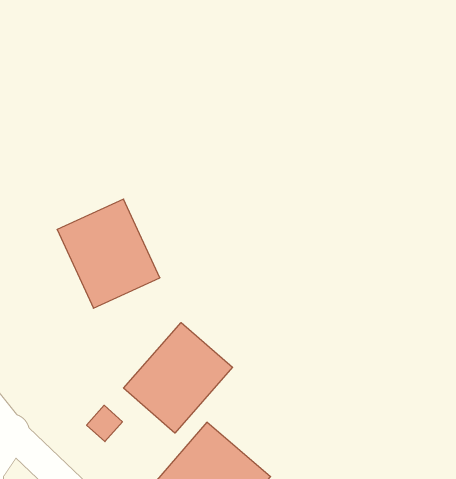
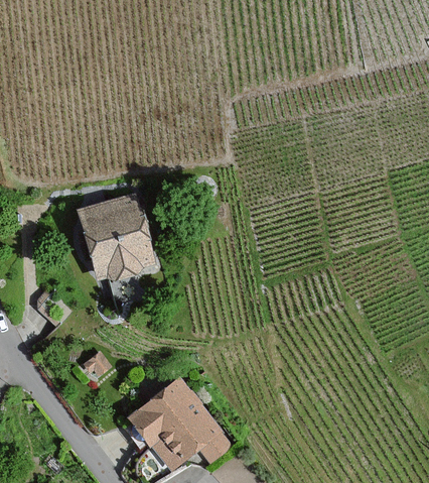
building: [124,323,233,433] -> none

